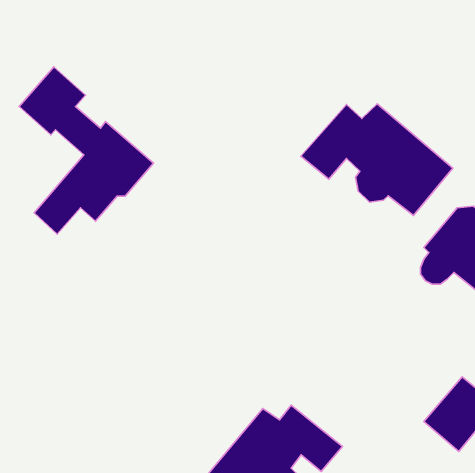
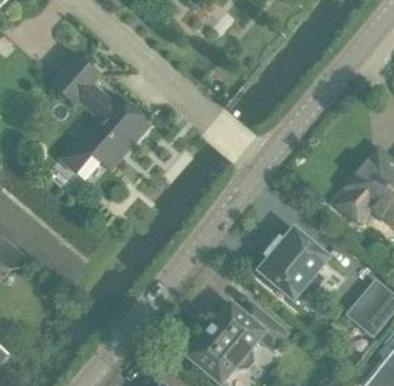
building: [301,104,453,215] -> none
building: none -> [257,227,329,300]

